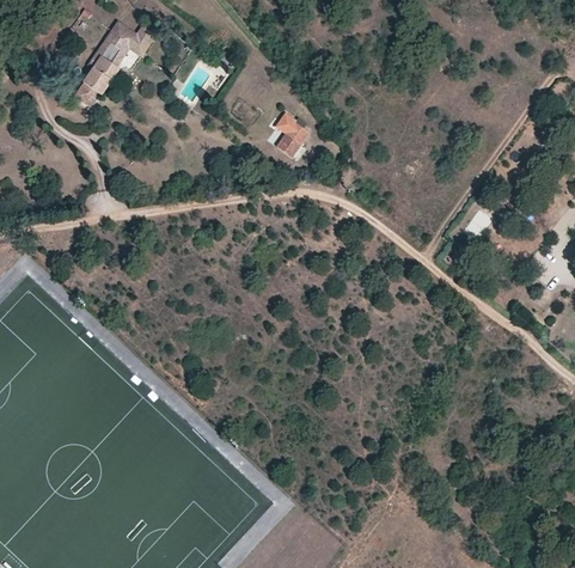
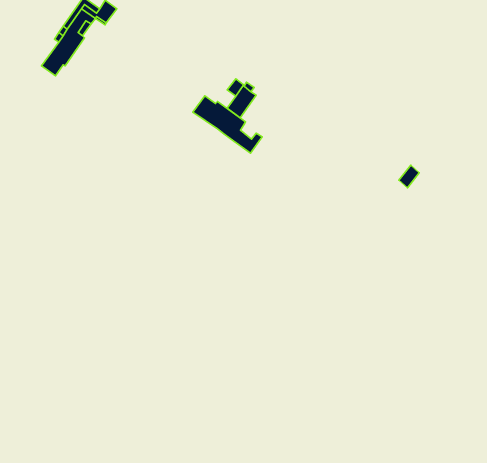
building: none -> [193,96,262,153]

